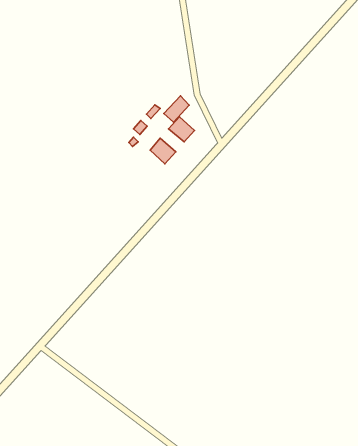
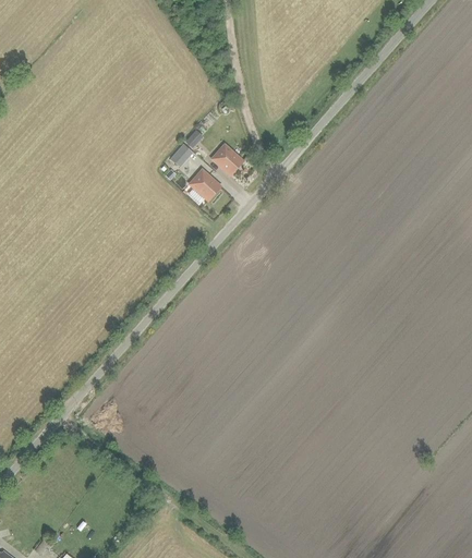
building: [164,96,189,122] -> none

